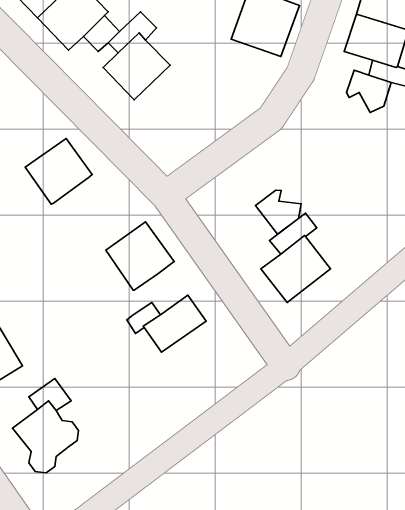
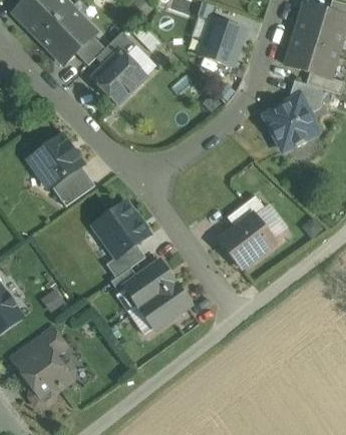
building: none -> [264,97,317,150]
building: none -> [51,165,94,205]
building: [256,190,301,234] -> none
building: none -> [105,244,144,277]
building: none -> [138,282,190,328]

